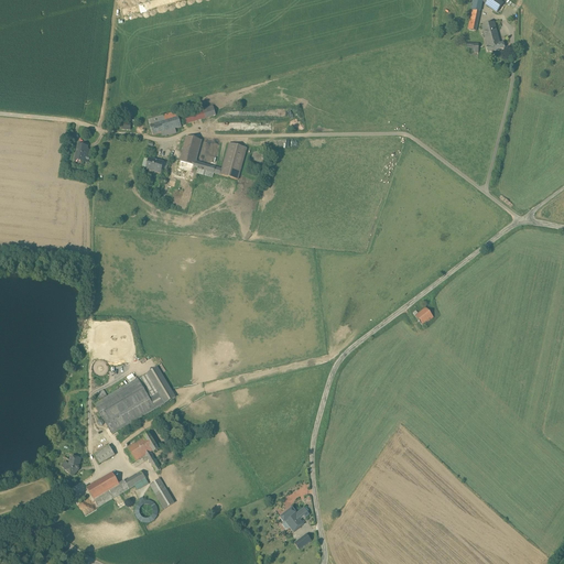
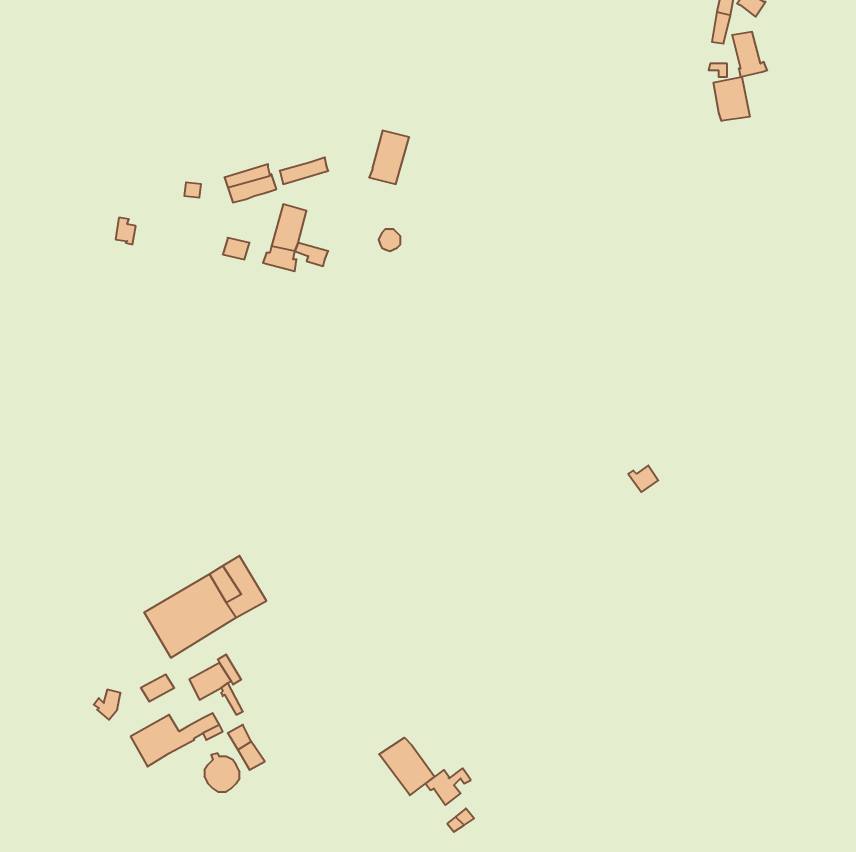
building: none -> [713,77,750,121]
building: [220,142,247,177] -> [369,131,409,184]
building: none -> [379,738,434,795]

